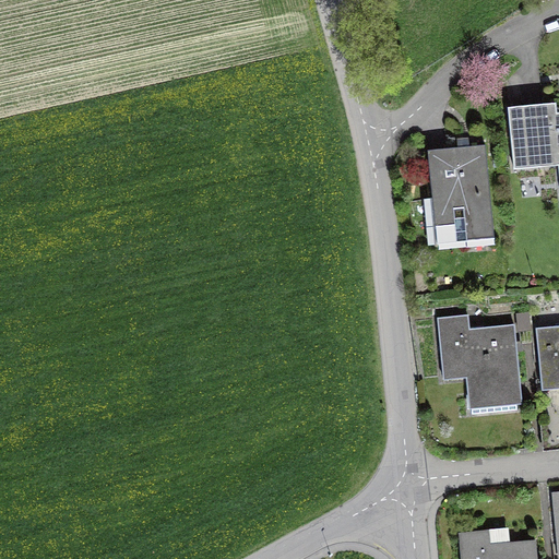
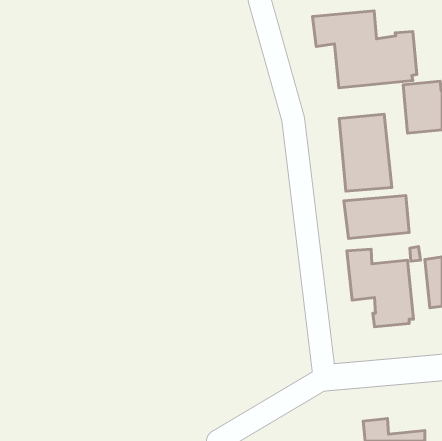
building: none -> [312,11,417,88]
building: none -> [344,195,409,238]

